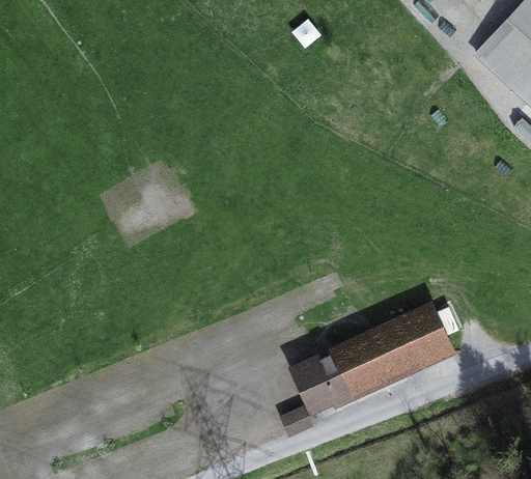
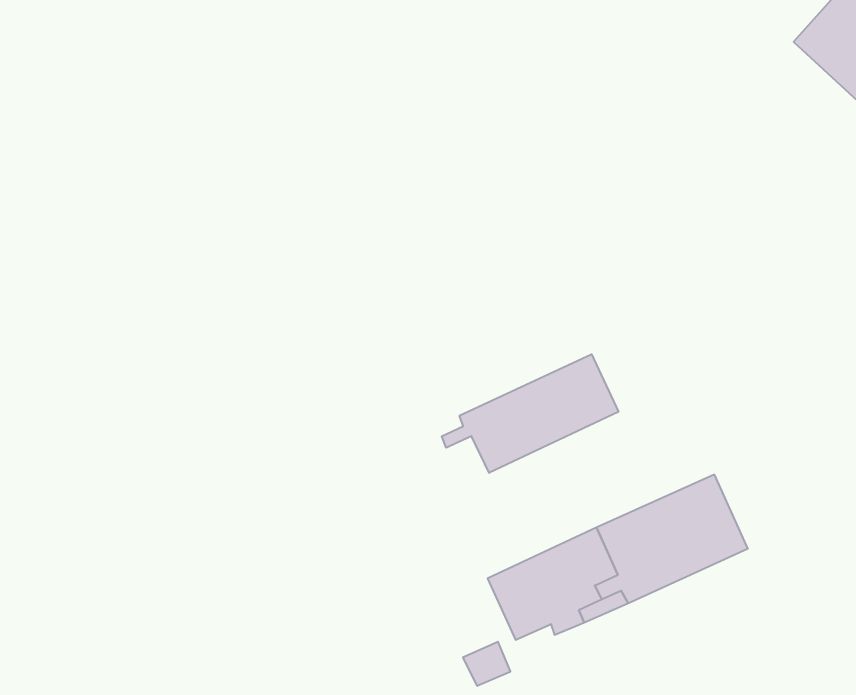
building: none -> [442,354,618,473]

